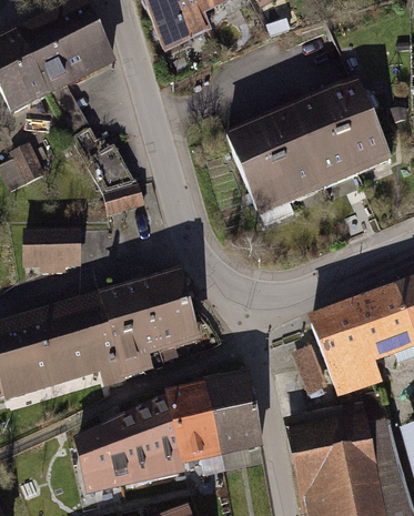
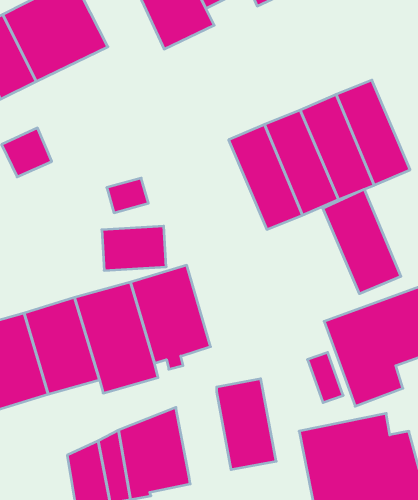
building: none -> [323,189,401,294]
building: [27,225,87,266] -> [102,226,166,270]
building: [173,381,225,459] -> none

